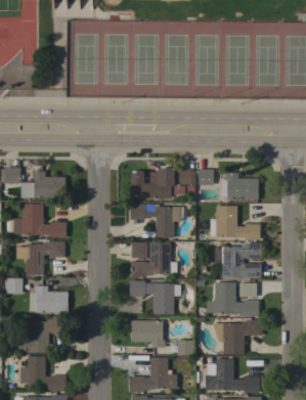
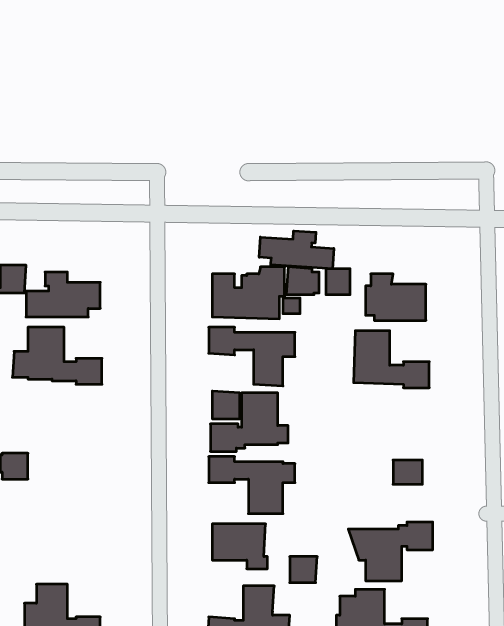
building: none -> [259,231,334,269]
building: [15,241,64,275] -> none
building: [221,242,261,278] -> none
building: [206,281,259,316] -> none
building: [29,285,68,313] -> none
building: [18,318,64,353] -> none

